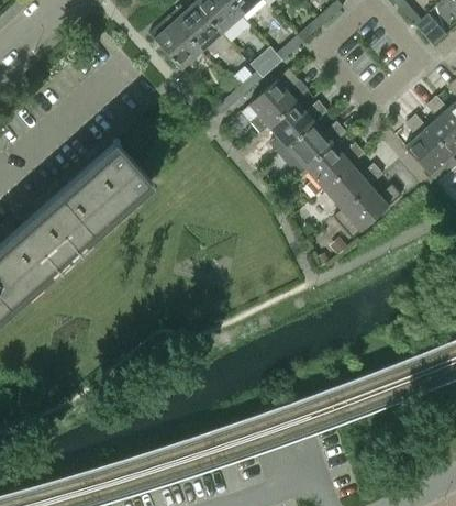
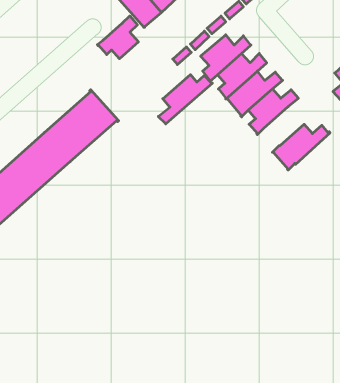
building: none -> [97,16,138,59]
building: none -> [158,75,212,124]
building: [324,164,382,210] -> none

